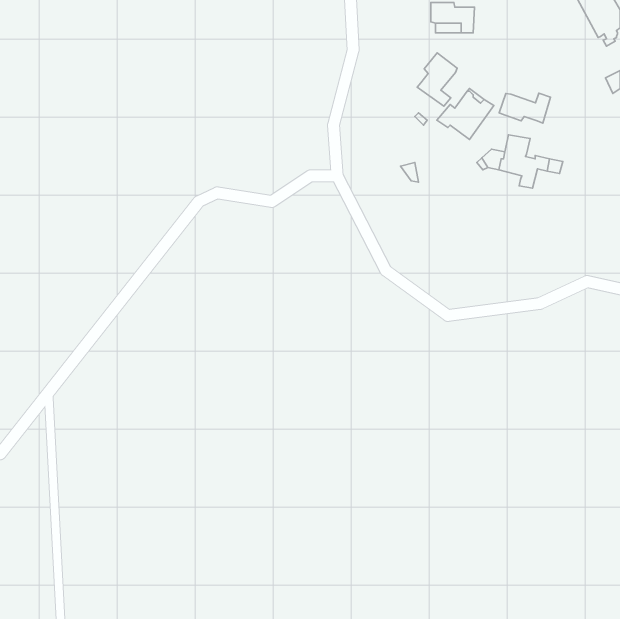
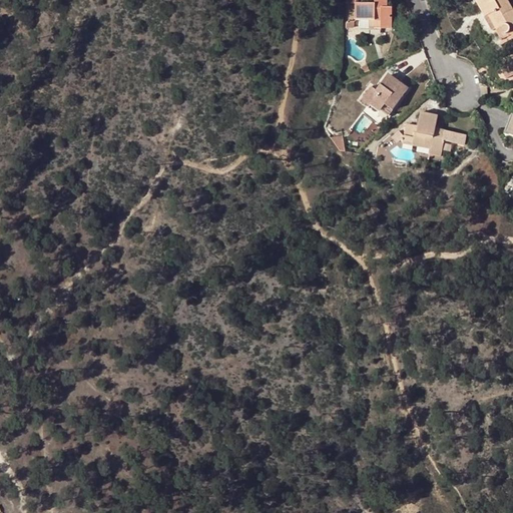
building: [417,53,457,106] -> none
building: [499,93,551,123] -> none

